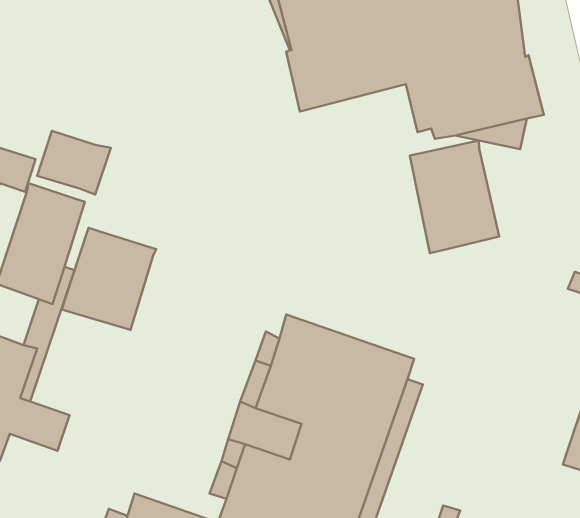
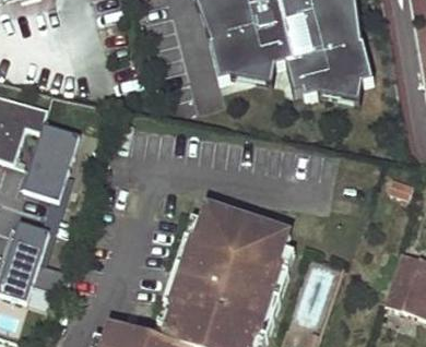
building: [37,131,111,194] -> none
building: [410,140,499,253] -> none
building: [62,228,156,330] -> none

